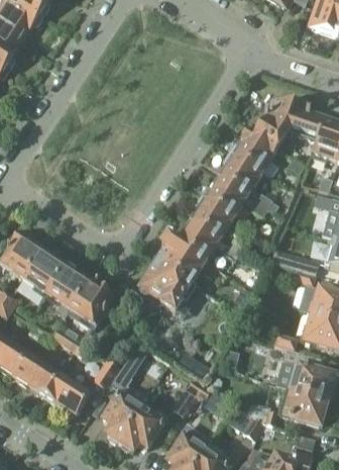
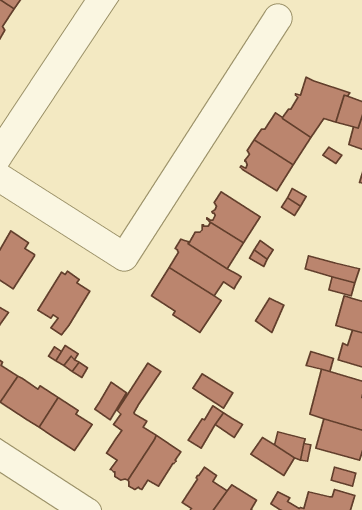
building: [201,176,248,216] -> none
building: [23,250,65,294] -> none
building: [68,280,117,328] -> none

